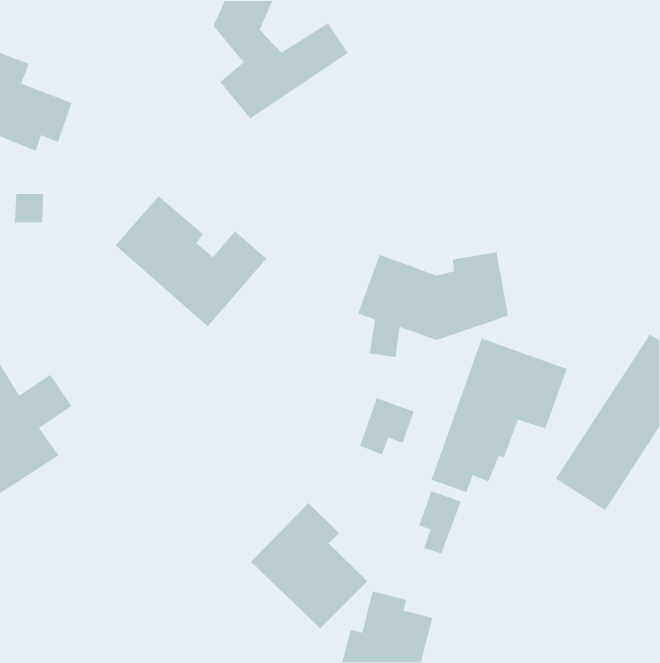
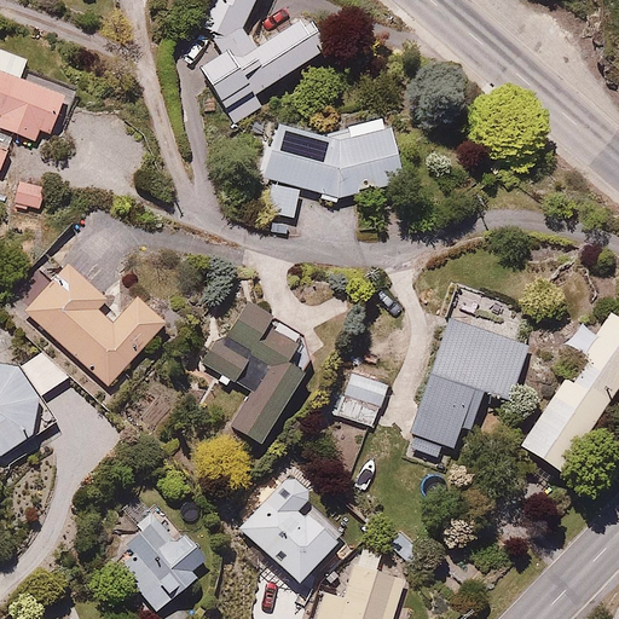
building: [114,195,267,327] -> [24,264,167,387]
building: [357,251,509,358] -> [260,118,401,218]
building: none -> [206,301,319,447]
building: [418,490,462,555] -> none
building: none -> [121,511,199,612]

